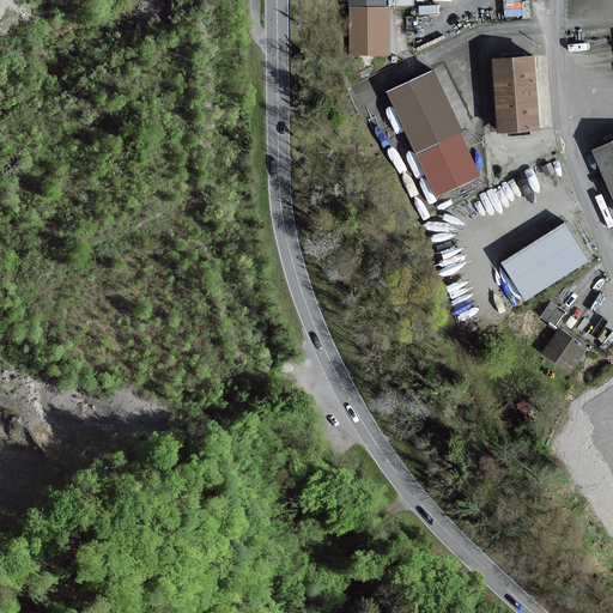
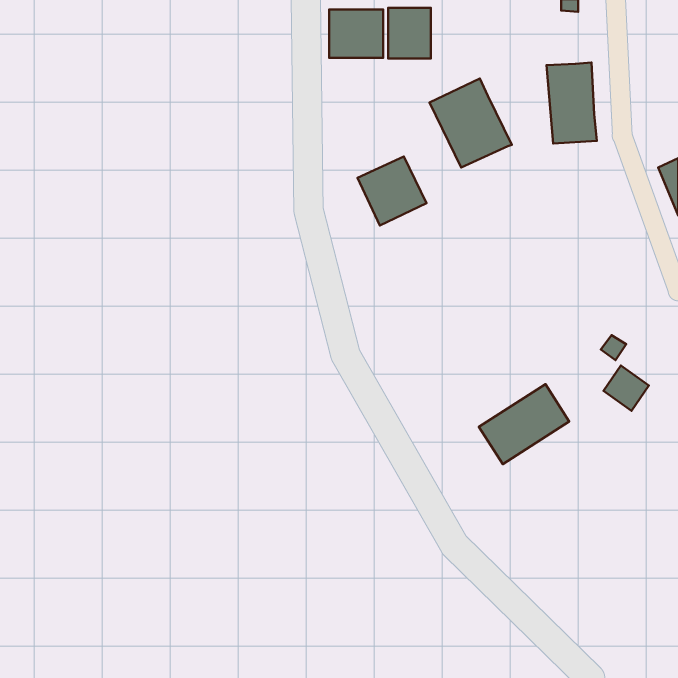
building: none -> [329,10,383,58]
building: [415,132,478,194] -> [357,157,427,226]
building: [503,225,584,297] -> [479,384,569,464]

